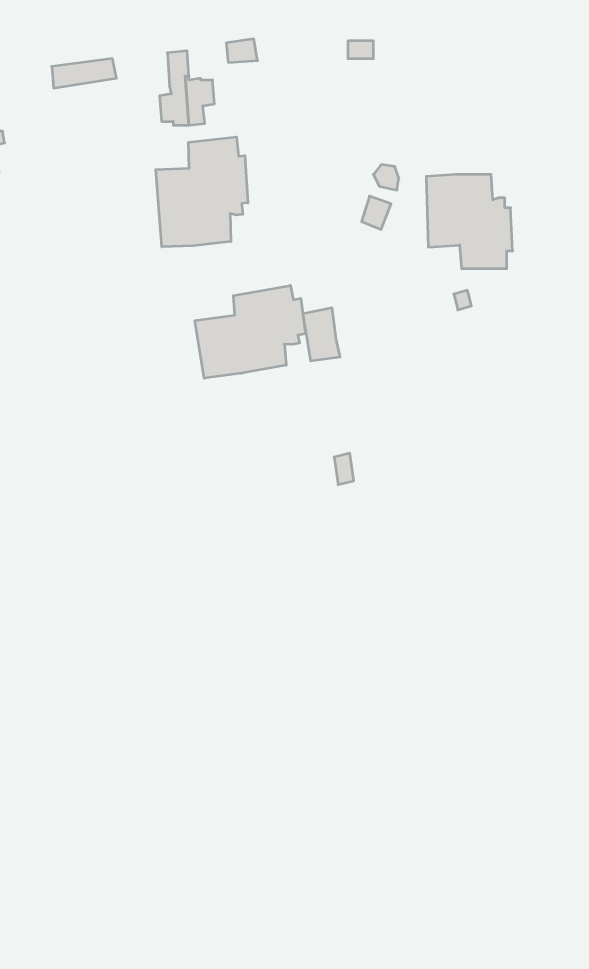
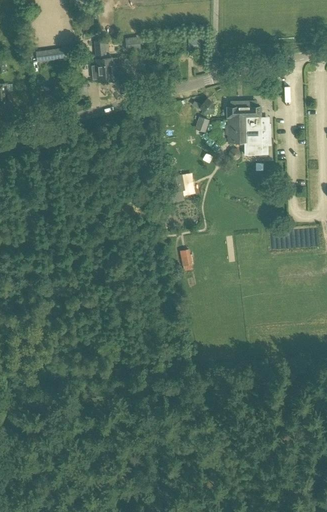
building: [156,137,248,247] -> none
building: [195,285,305,378] -> none

